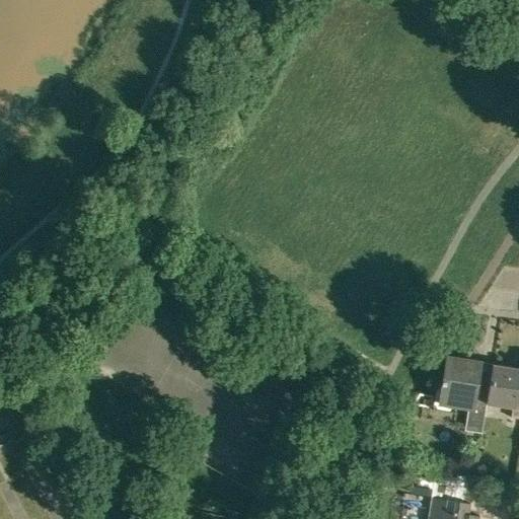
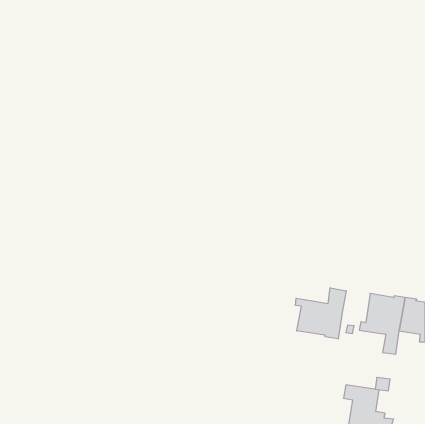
building: none -> [295,288,346,339]

